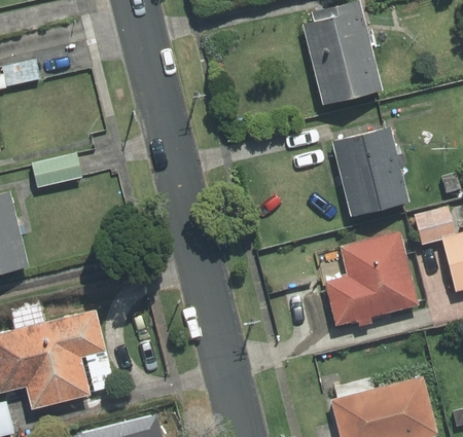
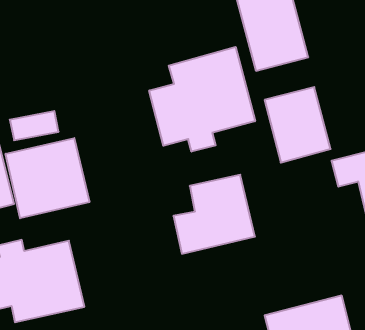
building: none -> [149,47,255,152]
building: none -> [6,138,89,218]
building: [320,231,418,326] -> [173,175,255,254]

